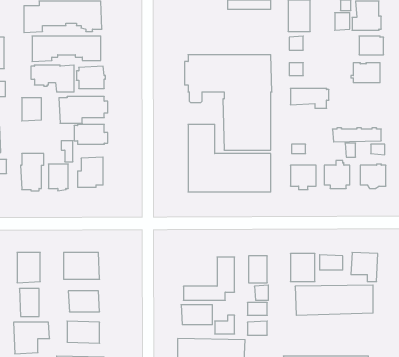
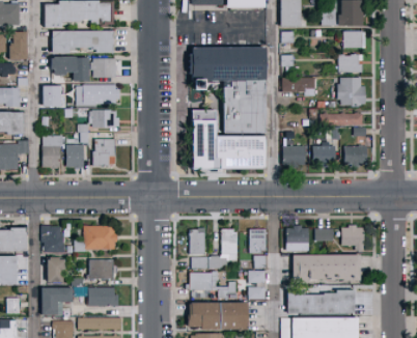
building: none -> [341,79,369,108]
building: none -> [189,227,205,254]
building: none -> [285,291,353,313]

